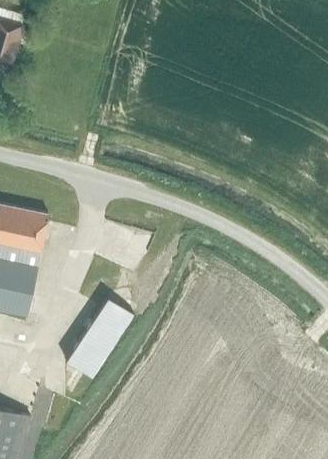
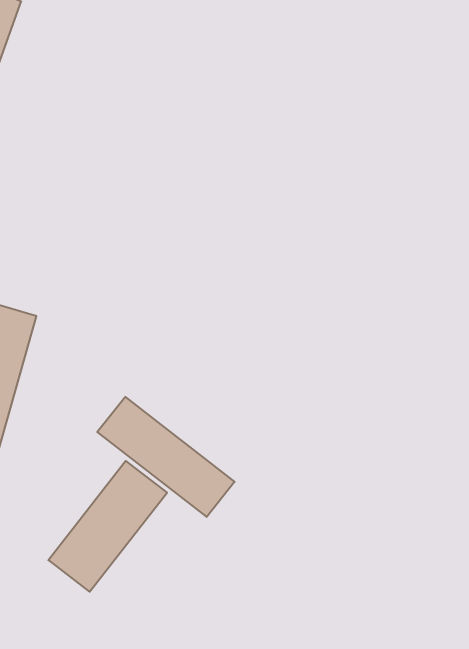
building: none -> [97,397,235,517]

